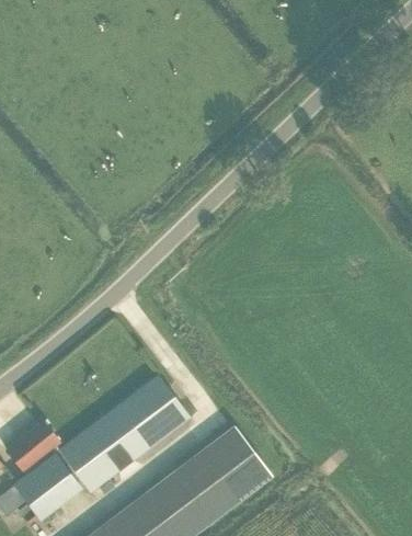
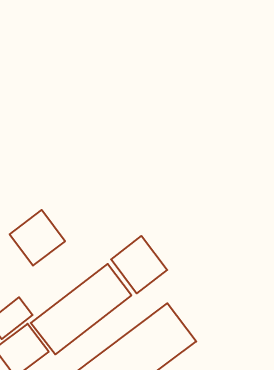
building: none -> [10,210,65,266]
building: none -> [111,236,167,293]

